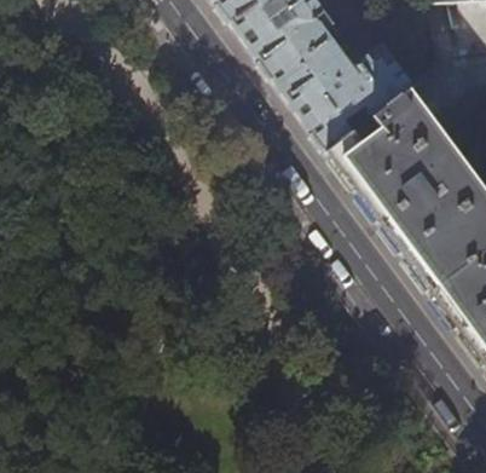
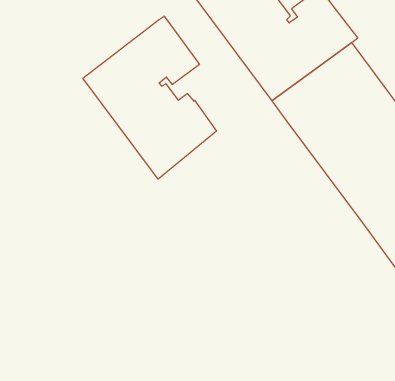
building: none -> [83,16,216,179]

